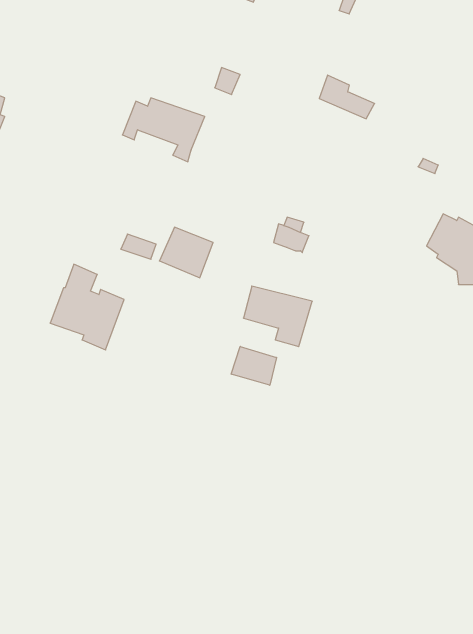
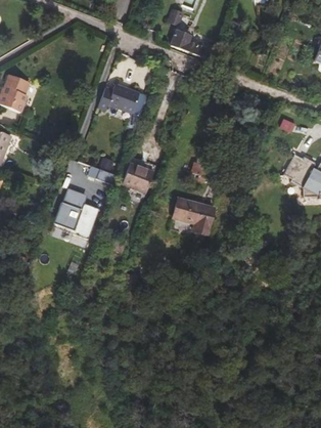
building: [319,75,375,119] -> [171,30,204,56]
building: [231,346,277,385] -> none

